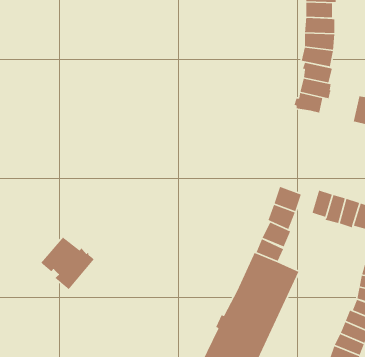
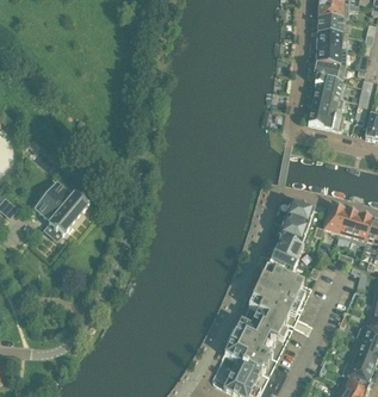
building: [40,237,95,290] -> [33,180,88,234]

